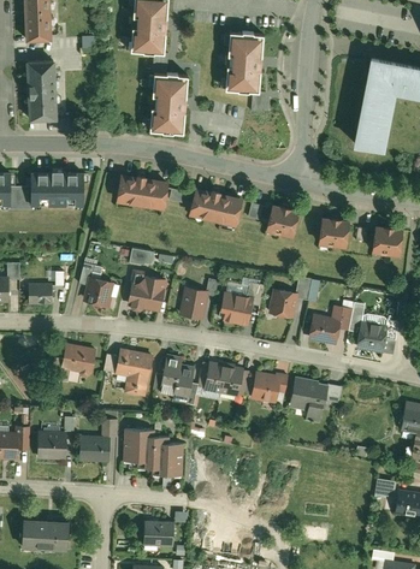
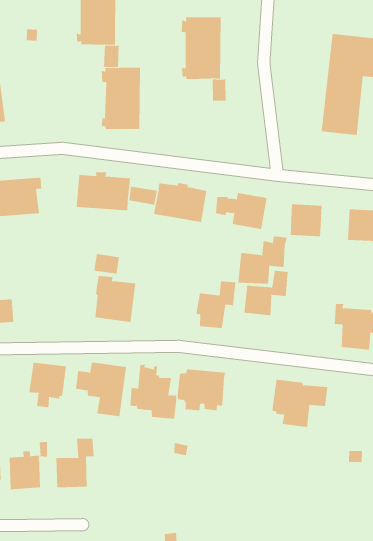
building: [79,261,122,308] -> none
building: [179,278,219,320] -> none
building: [304,300,354,344] -> [238,236,287,284]
building: [252,371,288,414] -> none
building: [124,427,184,480] -> none

